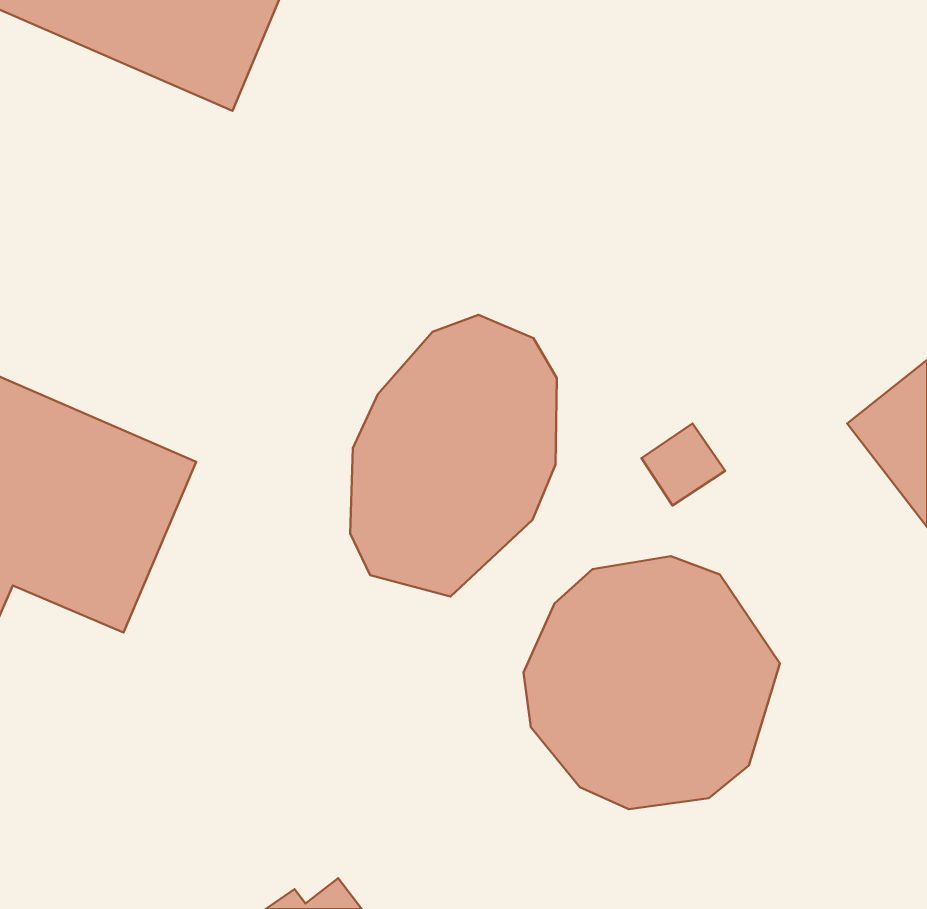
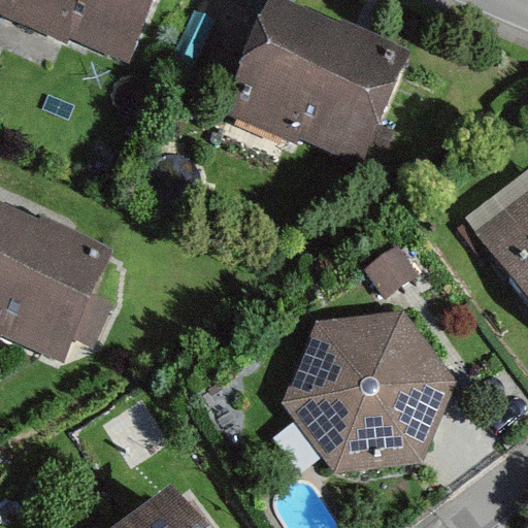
building: none -> [223,7,401,161]
building: [350,315,557,597] -> none

